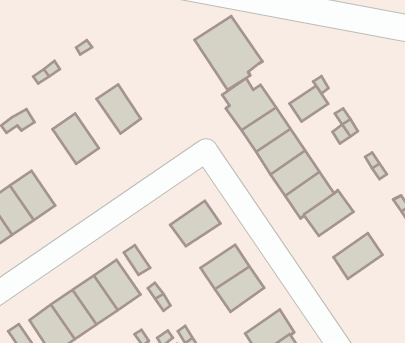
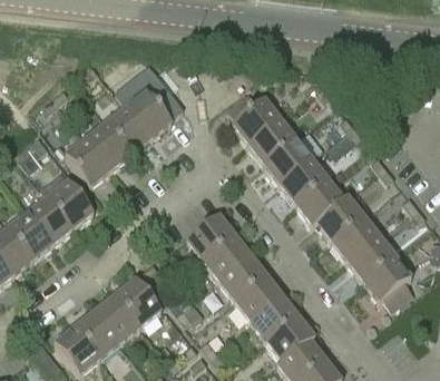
building: [194,16,262,90] -> [116,66,184,138]
building: [289,86,328,121] -> none
building: none -> [87,121,133,169]
building: none -> [41,170,95,228]
building: none -> [333,215,381,261]
building: none -> [204,235,252,280]
building: none -> [364,255,414,310]
building: none -> [252,295,300,341]

